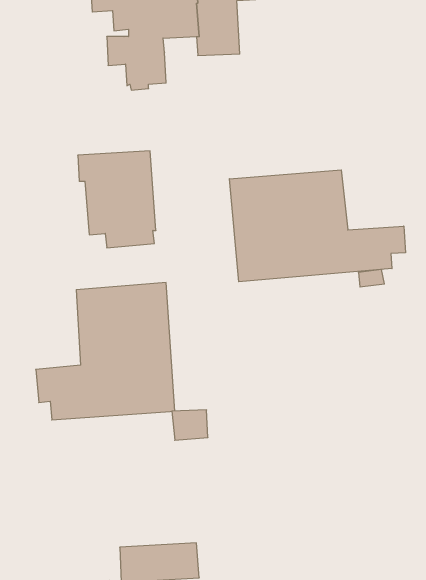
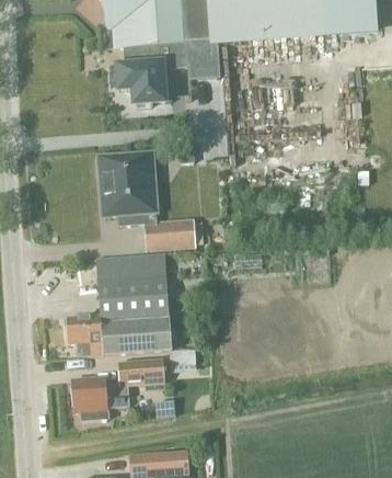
building: [229,170,405,282] -> none
building: none -> [145,218,195,249]
building: none -> [71,357,165,420]

